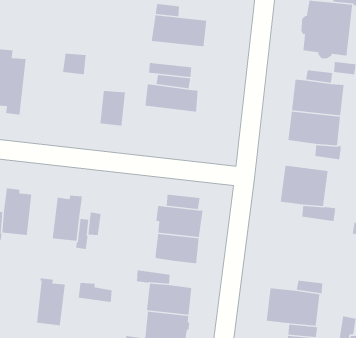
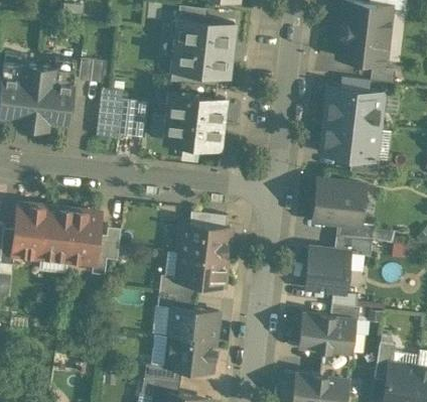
building: none -> [172,46,232,75]
building: none -> [33,58,77,128]
building: none -> [97,88,124,138]
building: none -> [164,116,224,147]
building: none -> [305,247,349,292]
building: [36,277,66,326] -> [41,207,74,259]
building: [78,282,112,303] -> [159,275,196,297]

